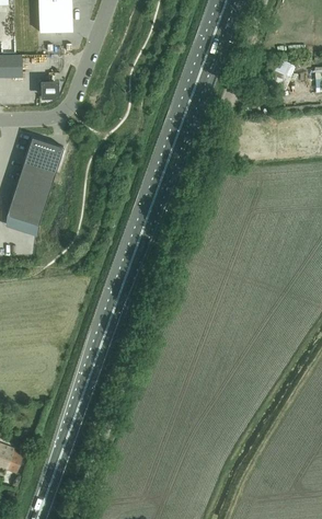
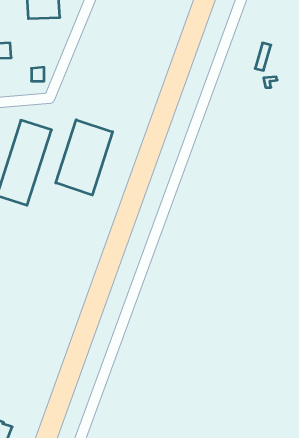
building: none -> [56,120,113,195]

